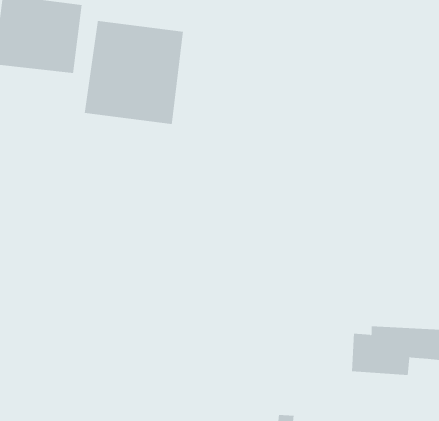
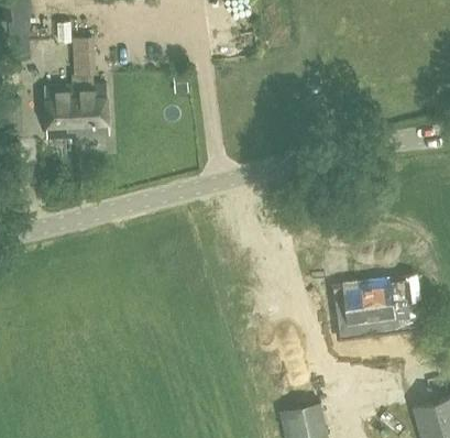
building: [84,20,183,125] -> none

